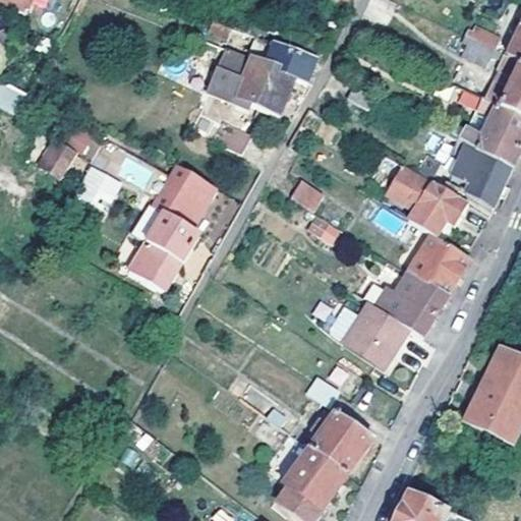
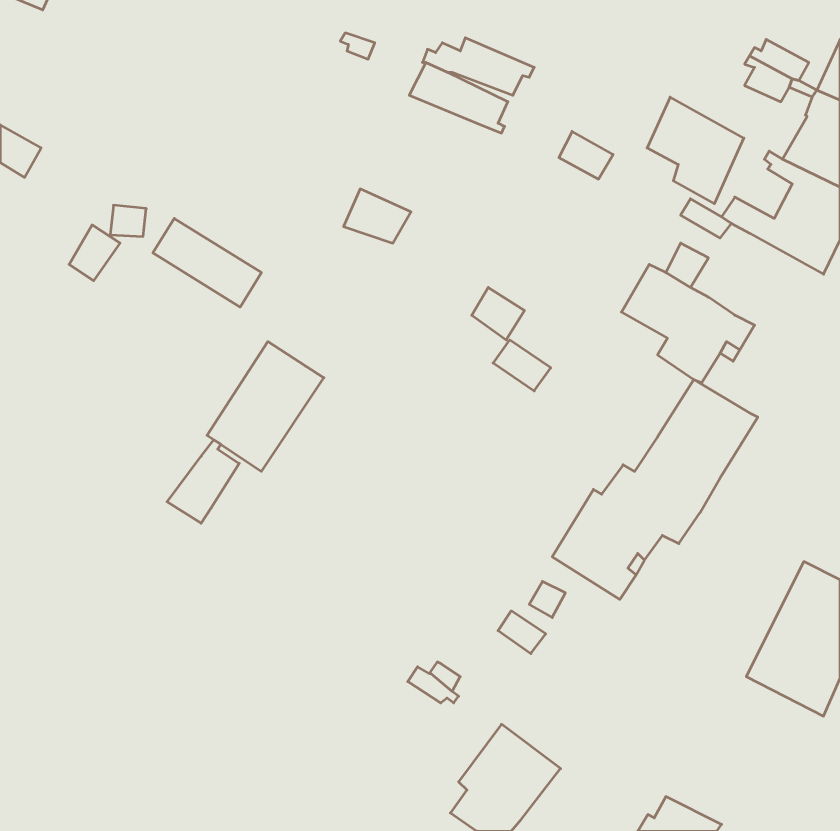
building: [211,47,295,114] -> none
building: [450,144,510,211] -> [647,97,744,204]
building: [155,164,216,227] -> none
building: [81,165,123,208] -> none
building: none -> [167,440,239,523]
building: [310,413,373,476] -> none

